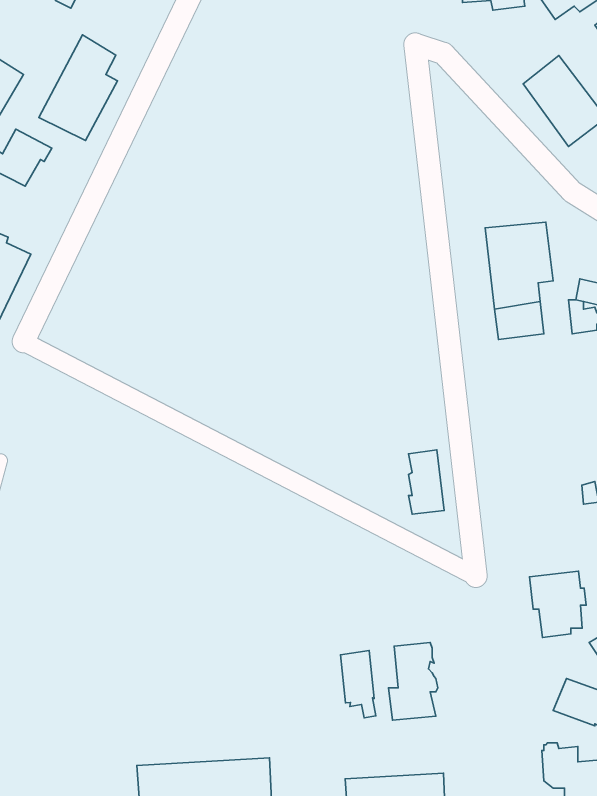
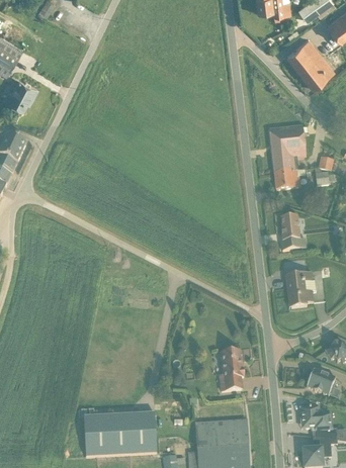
building: [39,35,117,140] -> none
building: [408,450,444,514] -> [280,215,299,250]
building: [529,571,586,638] -> [284,272,315,307]
building: [340,650,376,718] -> none

